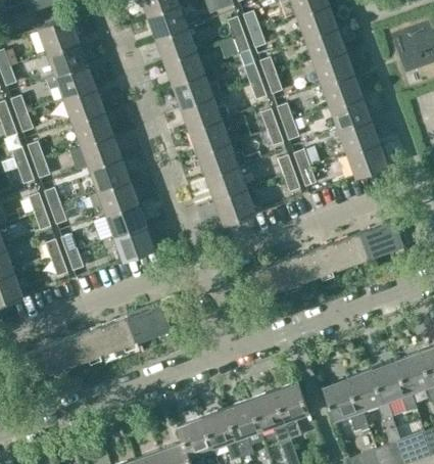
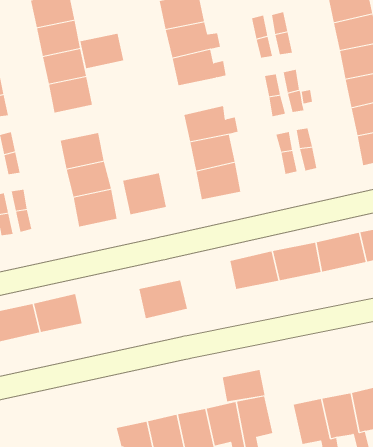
building: [189,121,230,155] -> none
building: [88,157,128,191] -> [79,33,124,69]
building: none -> [123,172,167,215]
building: [127,306,171,342] -> [138,280,188,319]
building: none -> [222,369,265,402]

